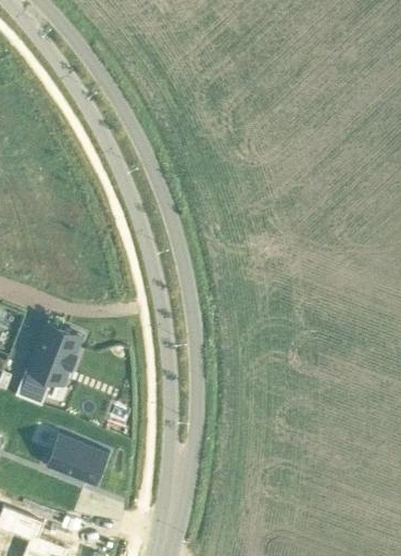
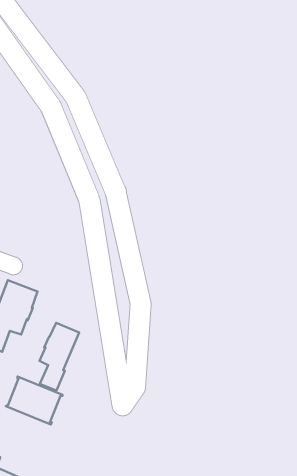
building: none -> [39,323,79,391]

